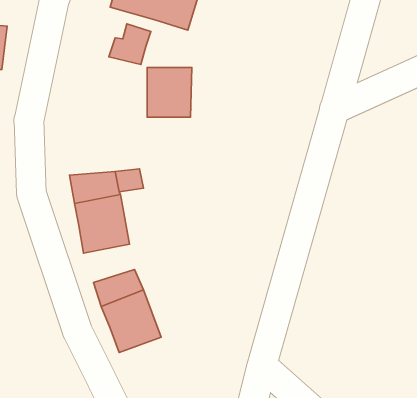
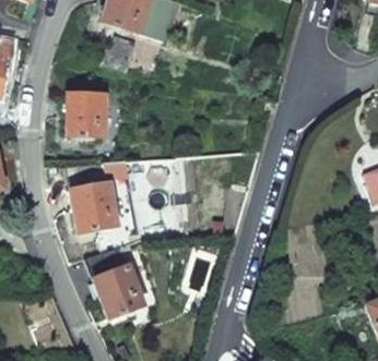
building: [147,67,192,117] -> [68,93,106,135]

